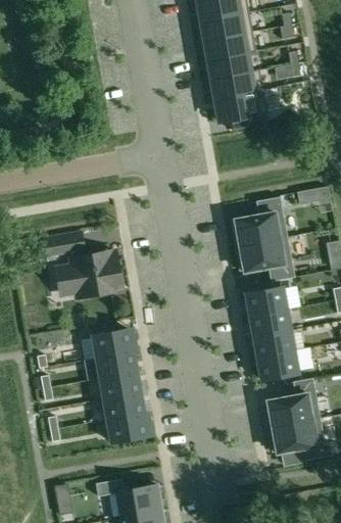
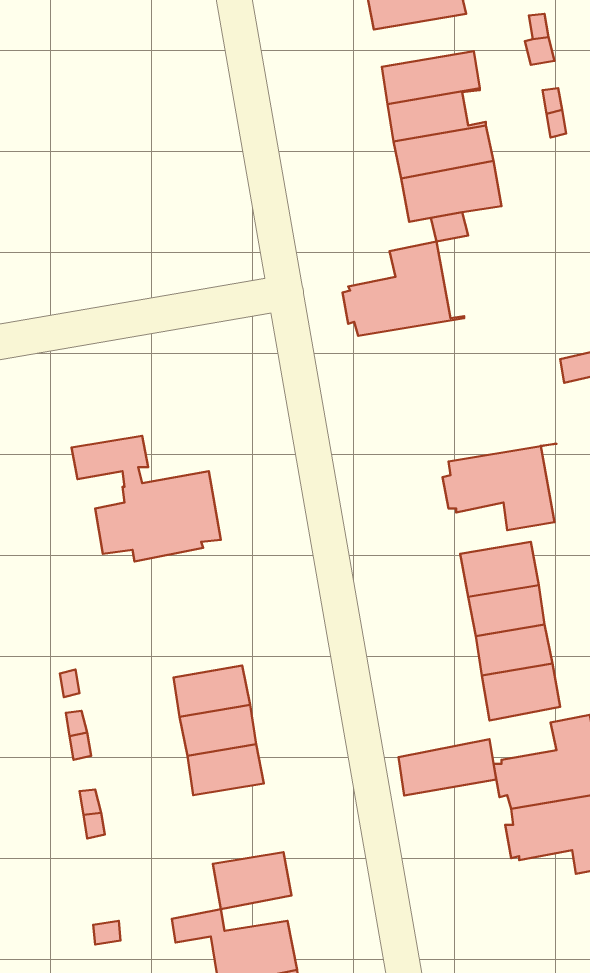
building: [201,13,253,41] -> none
building: [232,197,295,246] -> [342,241,464,336]
building: [93,330,133,359] -> none
building: none -> [399,739,496,796]
building: [107,414,148,443] -> [213,852,291,909]

